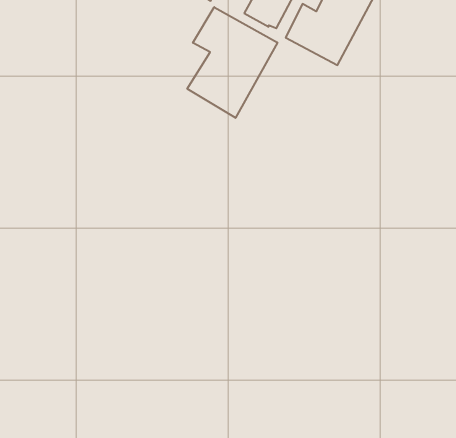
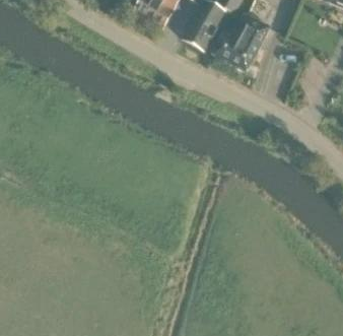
building: [187,7,277,118] -> none

